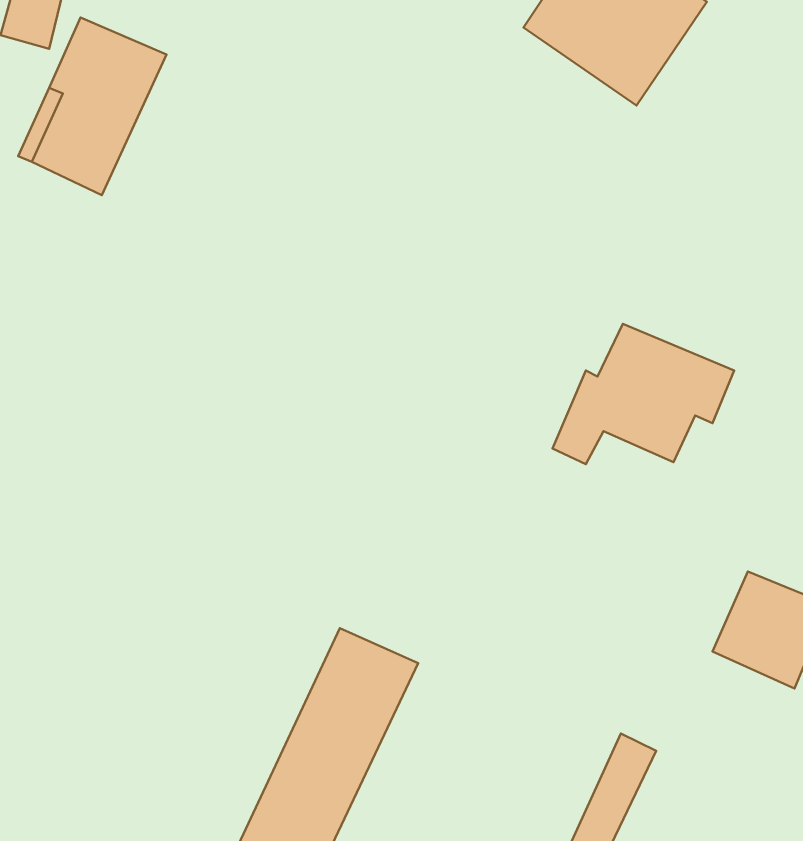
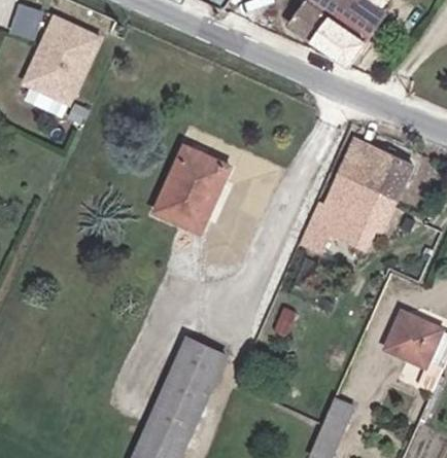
building: none -> [336,136,413,204]
building: none -> [154,147,231,233]

